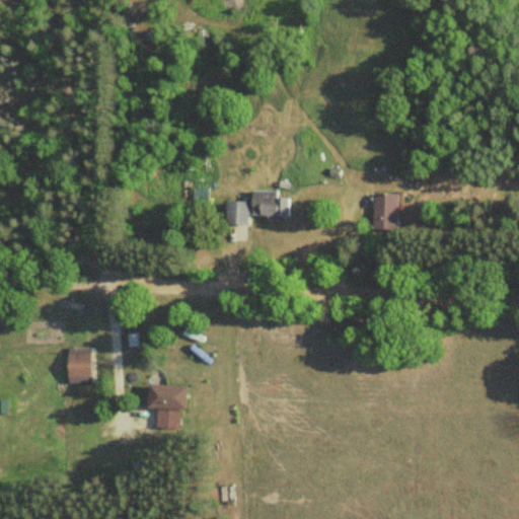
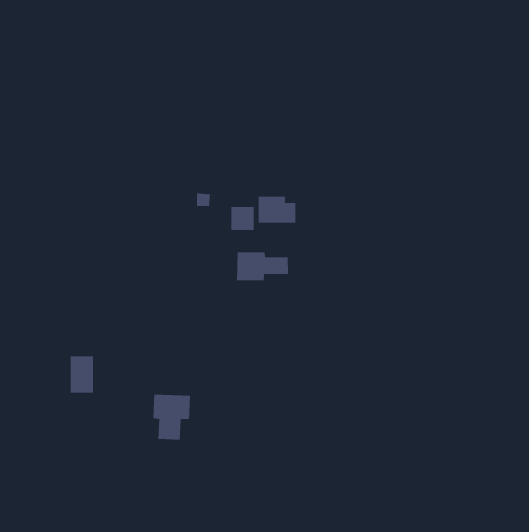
building: [374,194,401,229] -> none
building: none -> [237,252,288,281]

